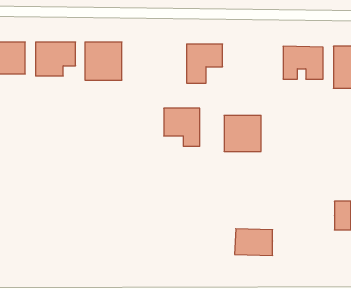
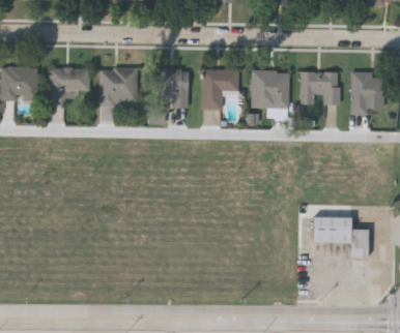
building: [164,108,200,146] -> [151,69,188,108]
building: [224,115,261,151] -> [252,71,289,108]
building: [235,229,273,255] -> [313,215,351,242]

